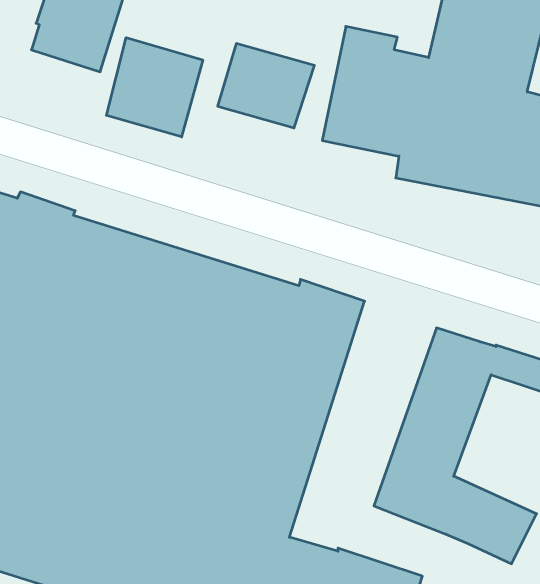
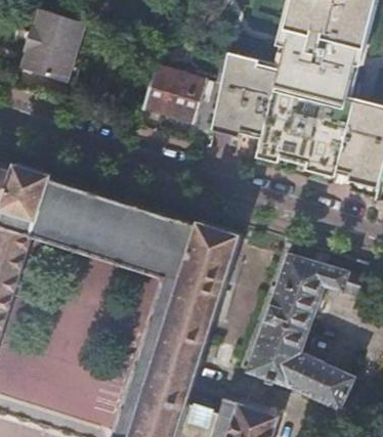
building: [106,38,203,137] -> none

